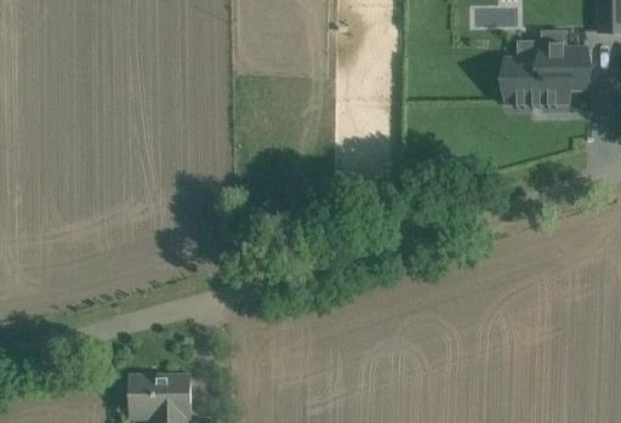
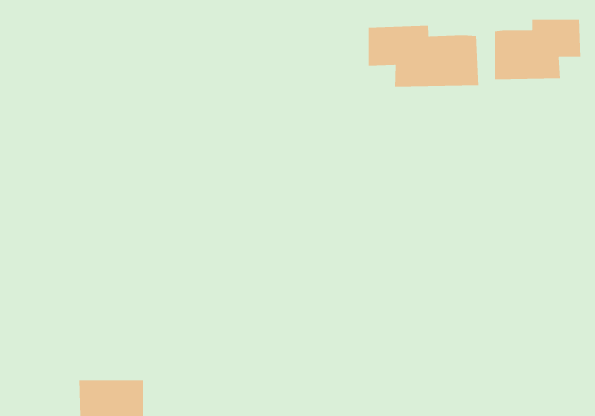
building: none -> [368,25,479,87]

